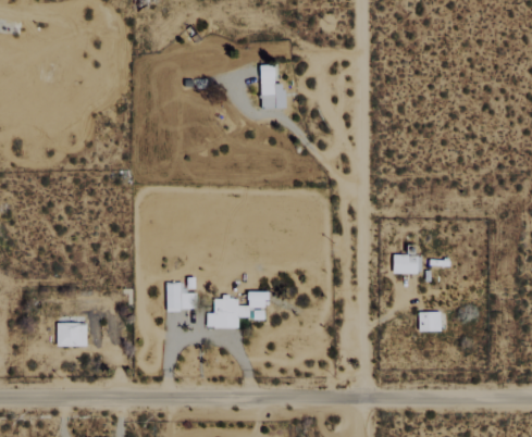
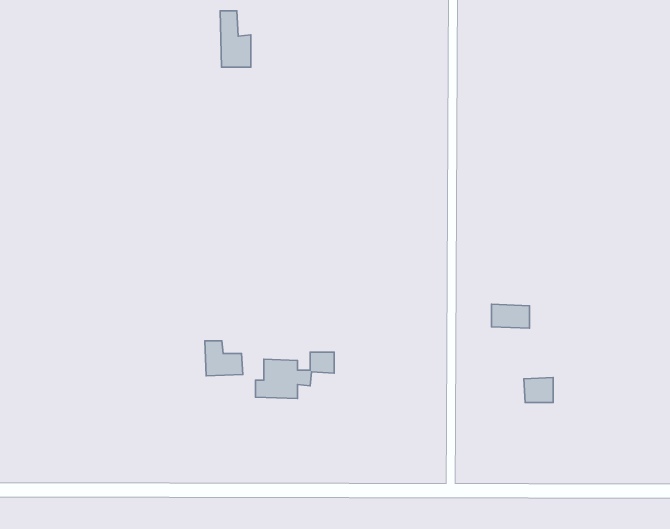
building: [259,64,283,108] -> [220,11,251,67]
building: [60,322,91,346] -> none

